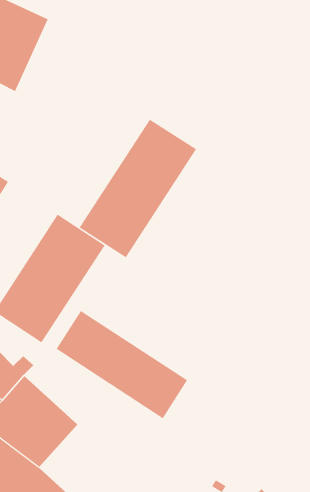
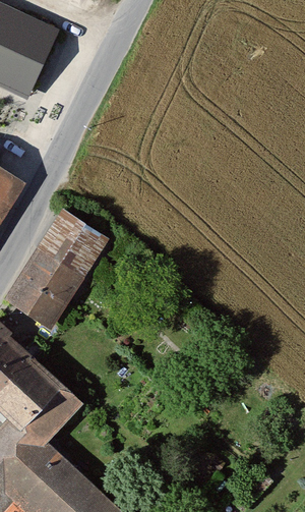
building: [79,119,197,258] -> none
building: [56,310,188,419] -> none

